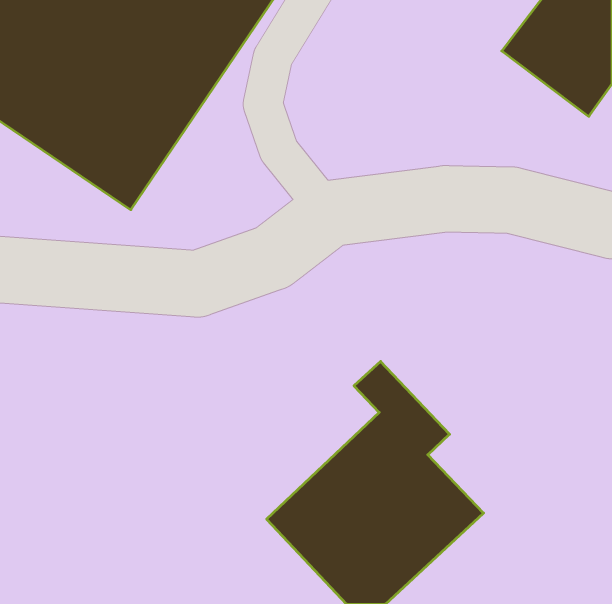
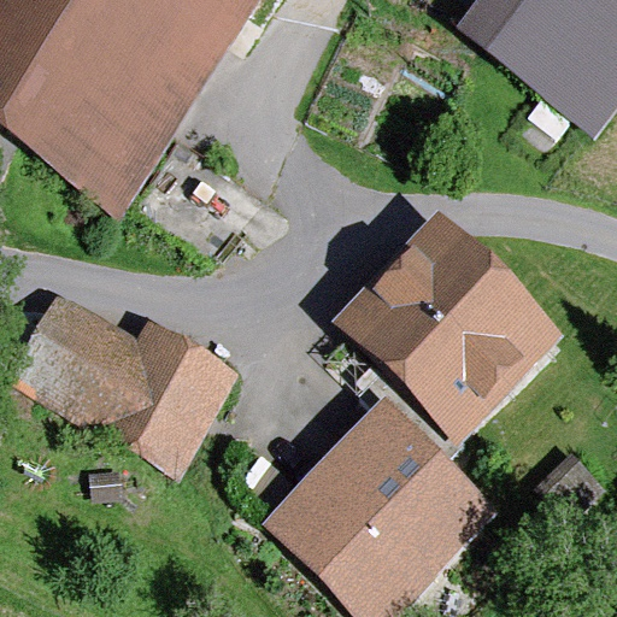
building: none -> [342,229,545,431]
building: none -> [27,315,223,463]

